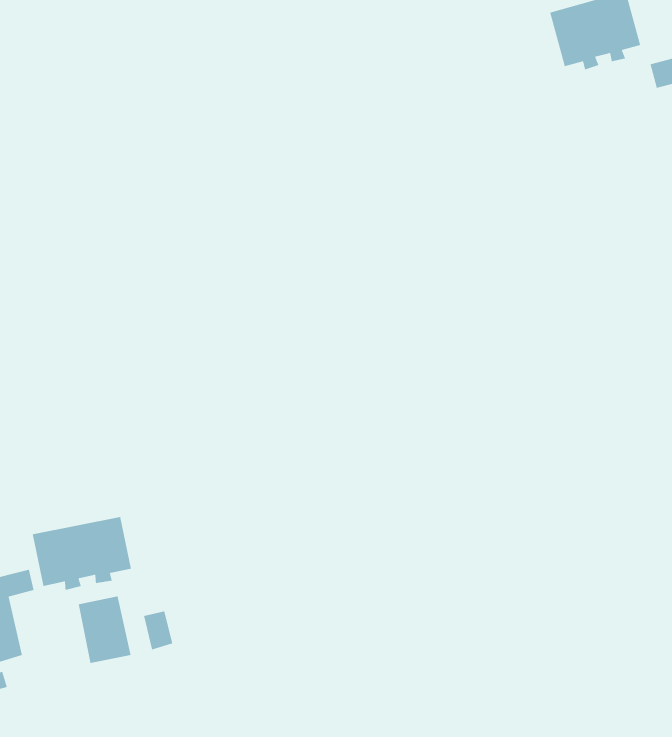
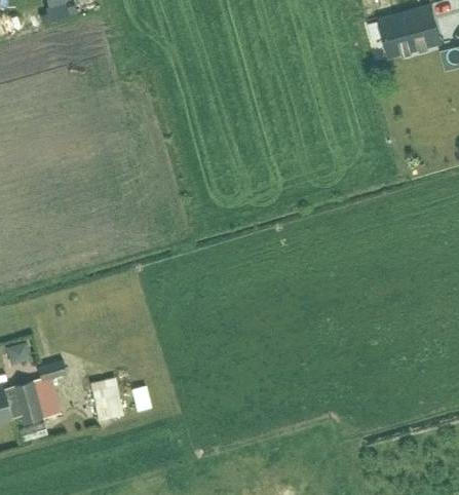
building: [32,516,132,591] -> none

